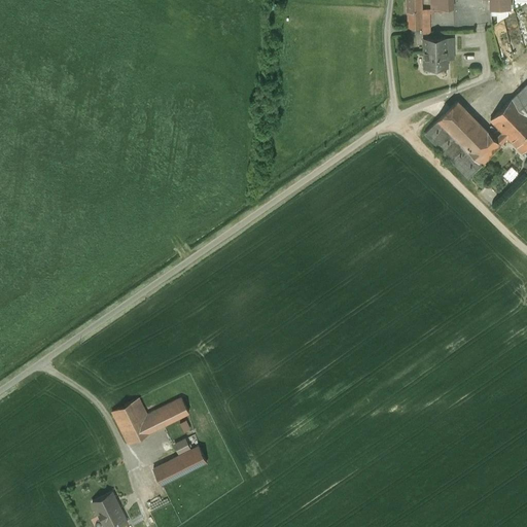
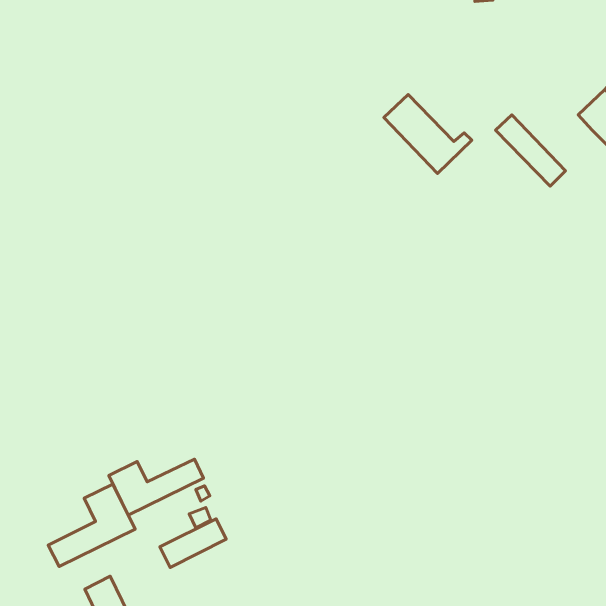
building: [424,38,447,68] -> none
building: [437,101,508,165] -> [384,94,472,173]
building: none -> [48,484,135,566]

